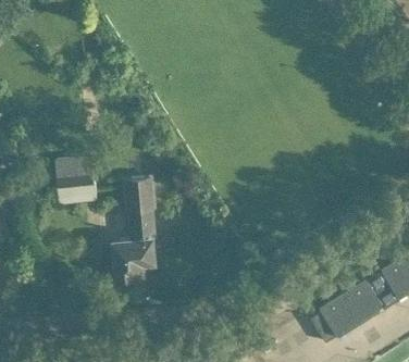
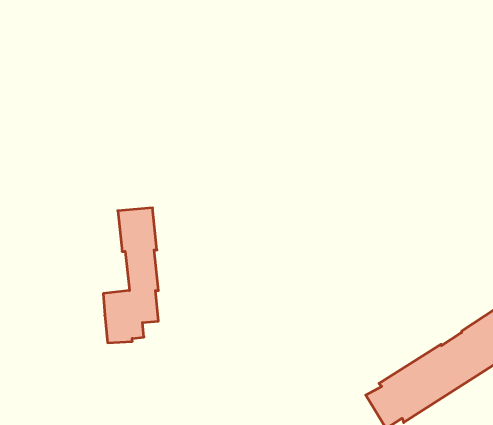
building: [54,159,95,190] -> none

